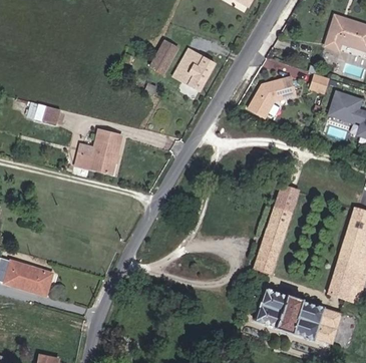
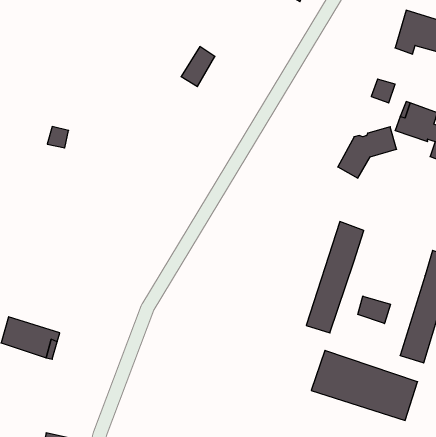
building: [176,47,215,91] -> none
building: [244,72,291,113] -> [338,127,397,178]
building: [76,130,122,177] -> none
building: none -> [358,296,390,324]

